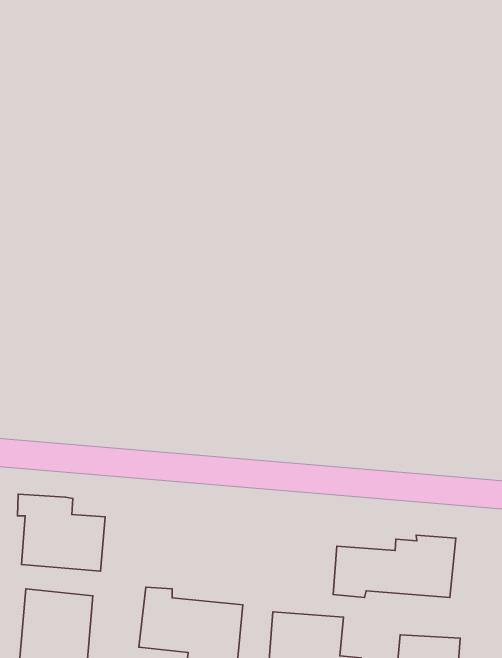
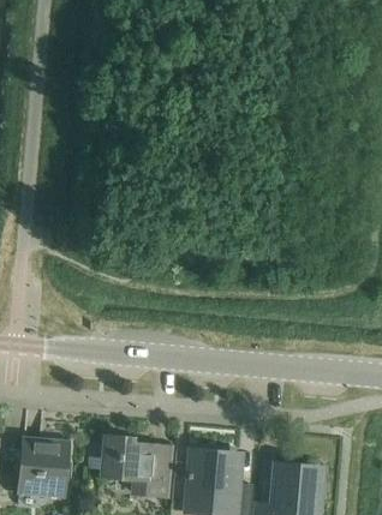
building: [18,494,105,571] -> none
building: [333,535,456,598] -> none

